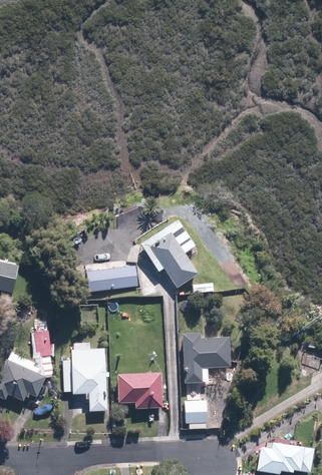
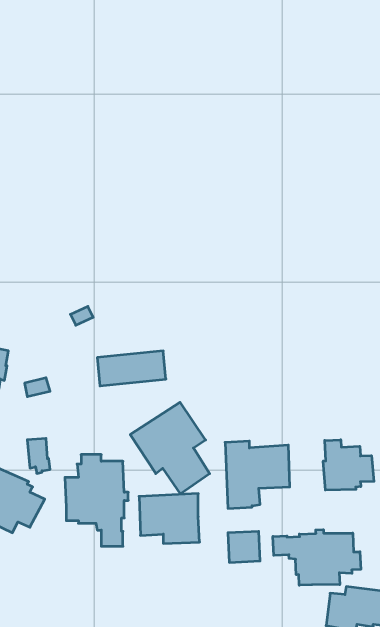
building: [139,219,199,288] -> [130,402,210,494]
building: none -> [323,440,374,490]
building: none -> [273,530,361,585]

